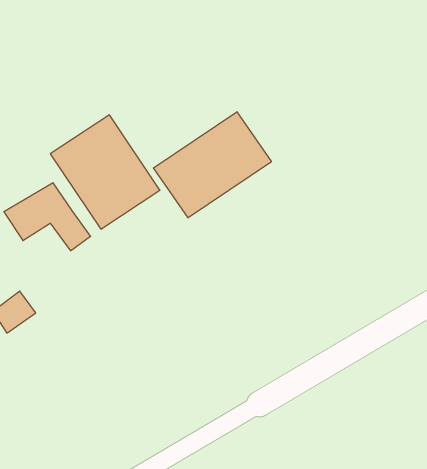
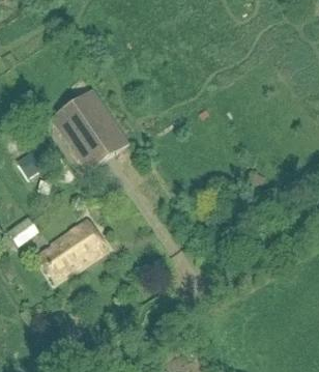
building: [153,112,271,218] -> none
building: none -> [36,219,106,281]

